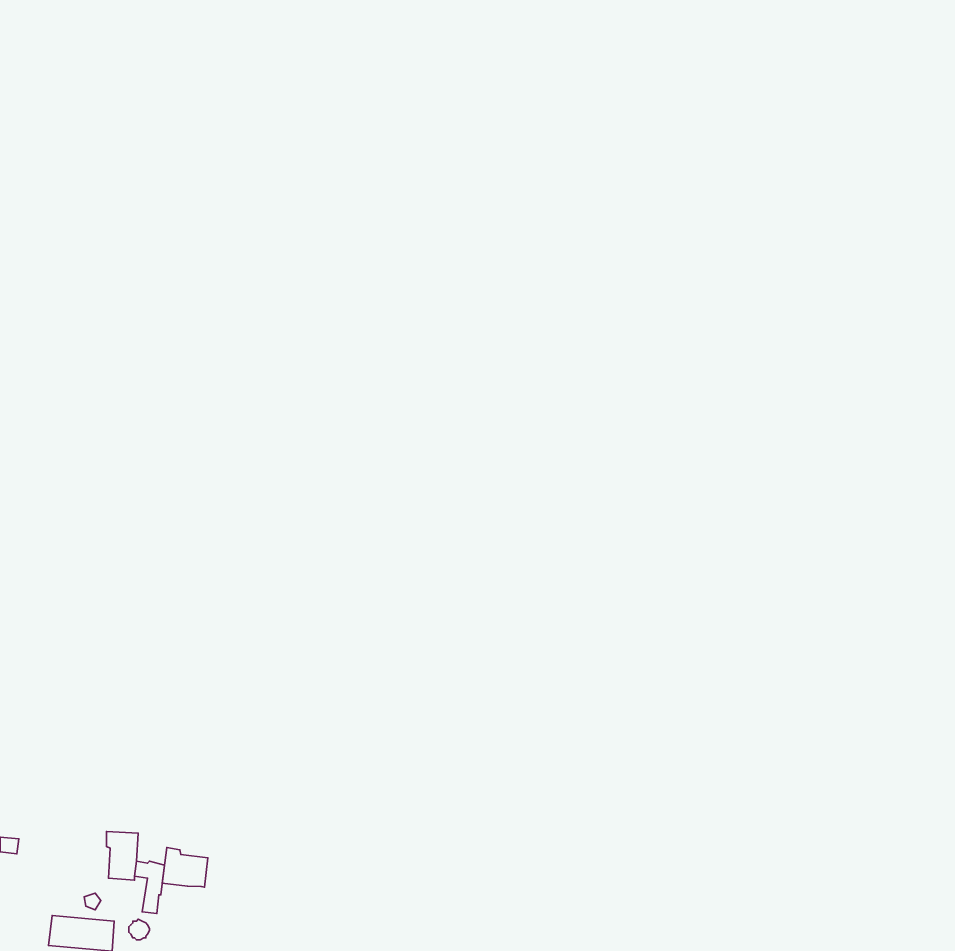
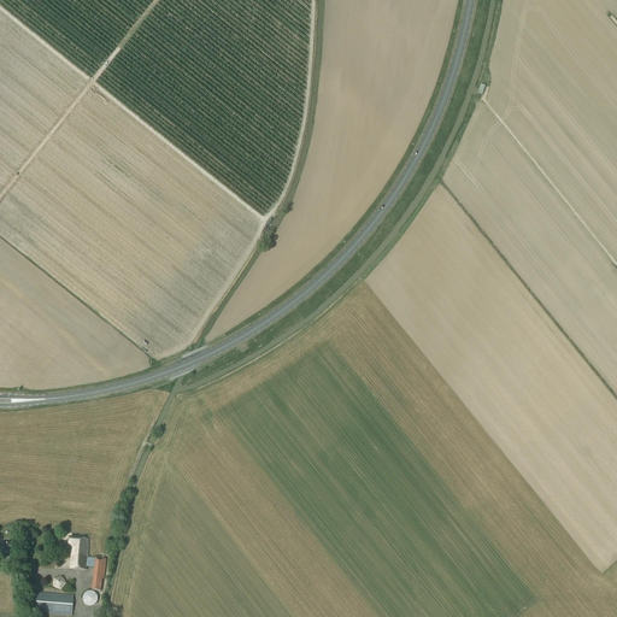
building: [162,847,208,887] -> none

